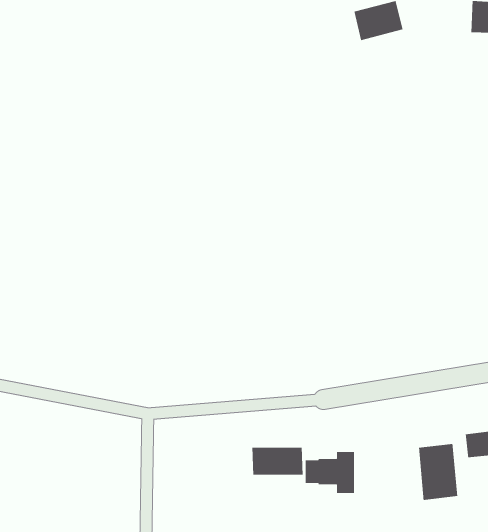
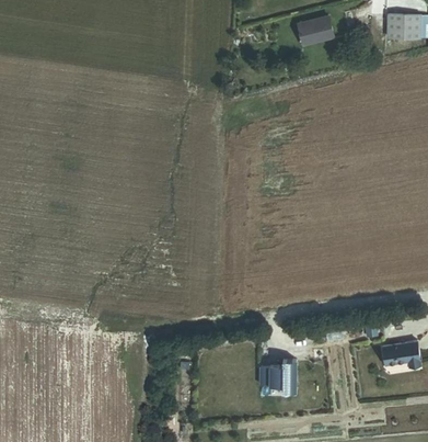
building: [418,443,458,501] -> none
building: [251,447,303,475] -> none

